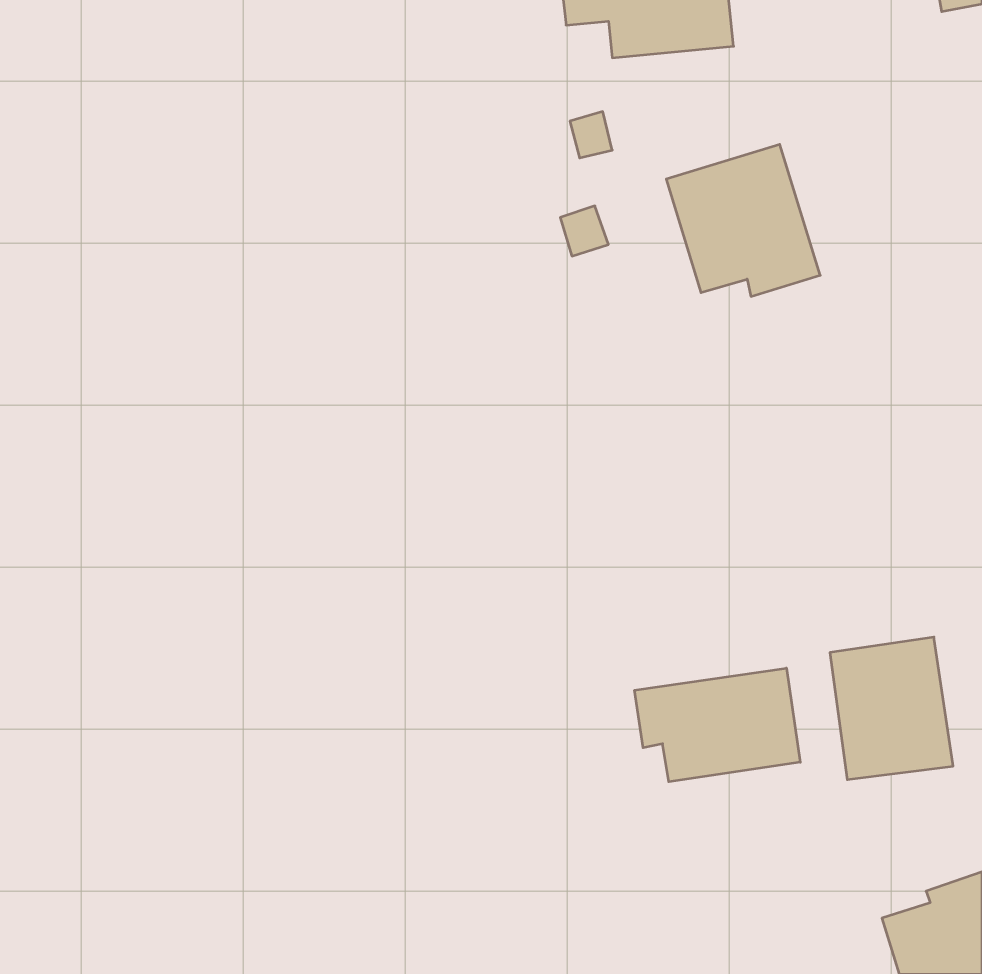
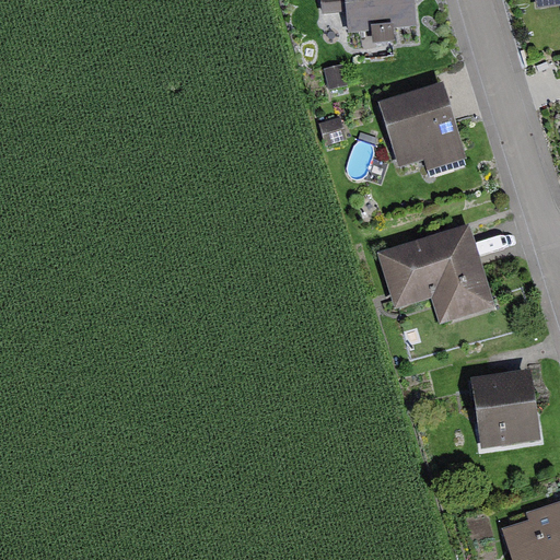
building: none -> [376,228,494,325]
building: [635,668,800,782] -> none

